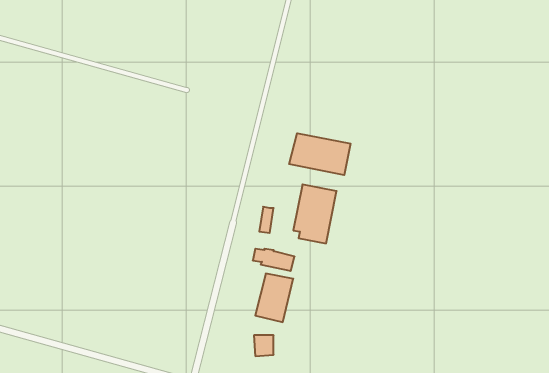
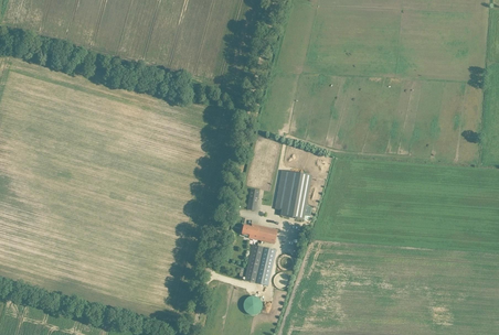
building: [289,133,351,175] -> none

